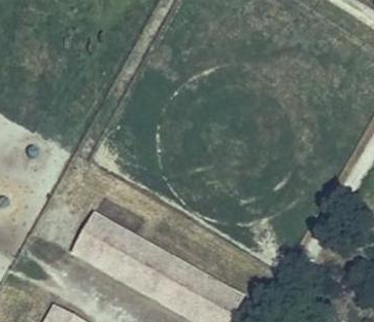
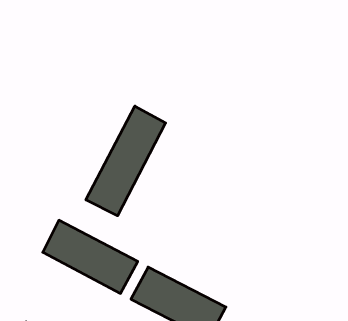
building: none -> [86,106,166,216]

